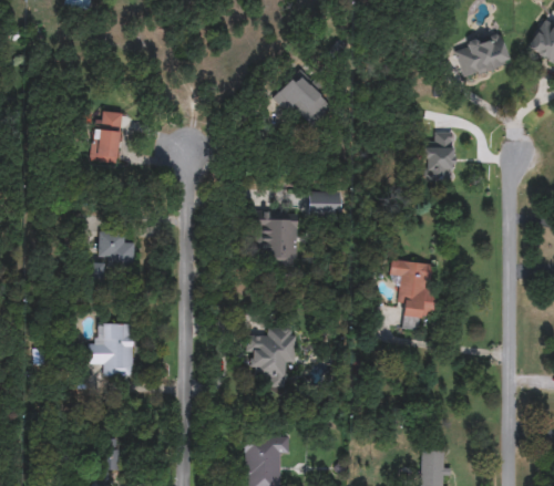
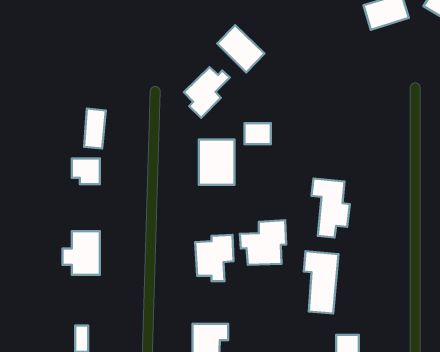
building: [94,110,121,158] -> [84,109,106,149]
building: none -> [184,67,230,118]
building: [423,132,454,180] -> none
building: none -> [240,220,286,265]
building: none -> [304,251,339,314]

